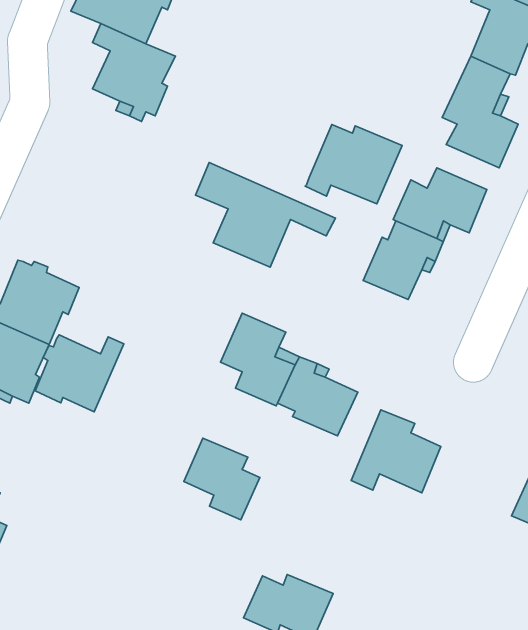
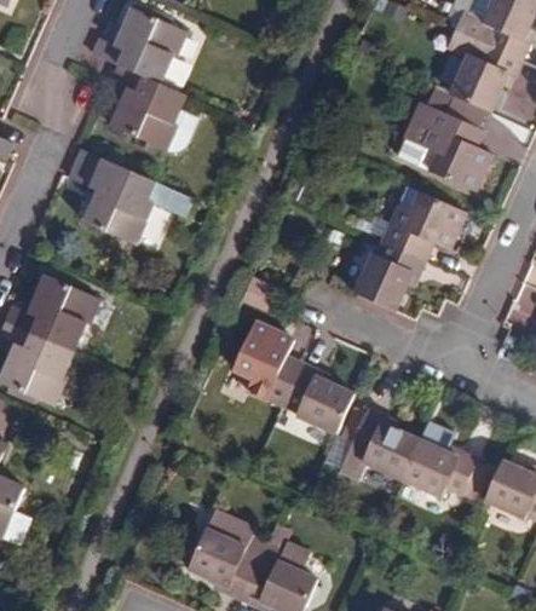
building: [305,124,402,204] -> none
building: [195,163,336,267] -> [68,149,192,242]
building: [35,335,124,412] -> none
building: [184,438,260,520] -> [194,520,261,593]
building: none -> [403,440,489,500]

